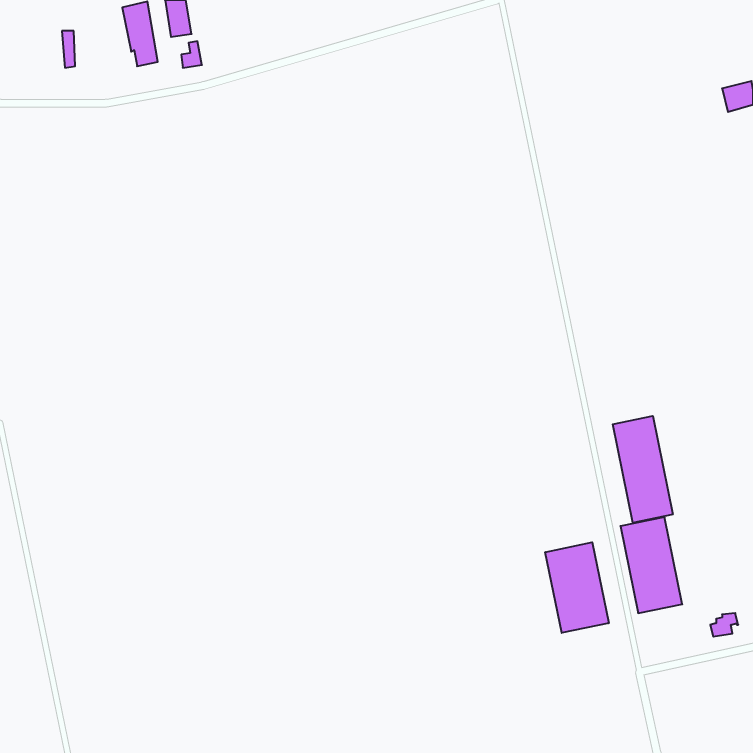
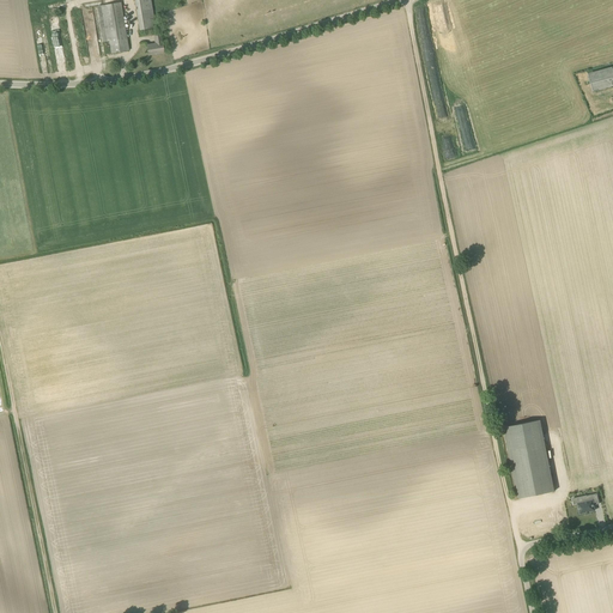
building: [613,416,673,523] -> none
building: [545,542,609,633] -> none

